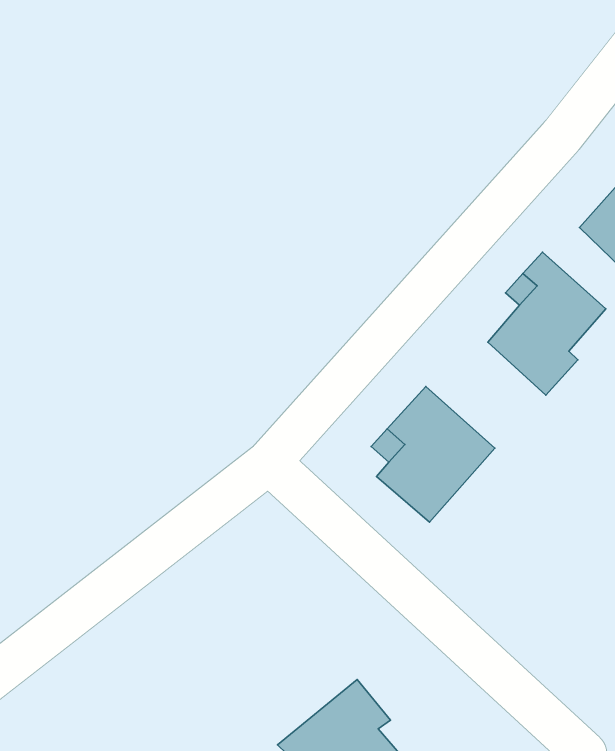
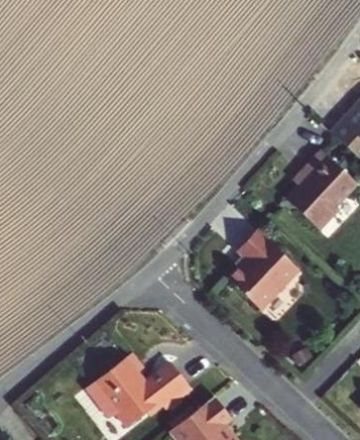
building: none -> [90,358,192,425]

